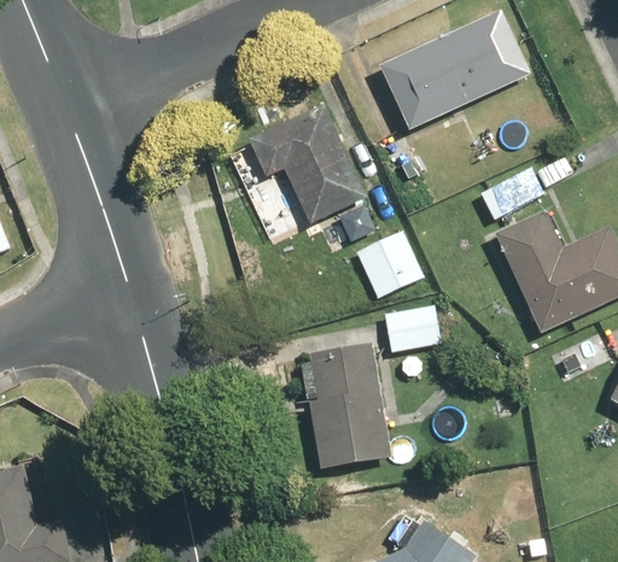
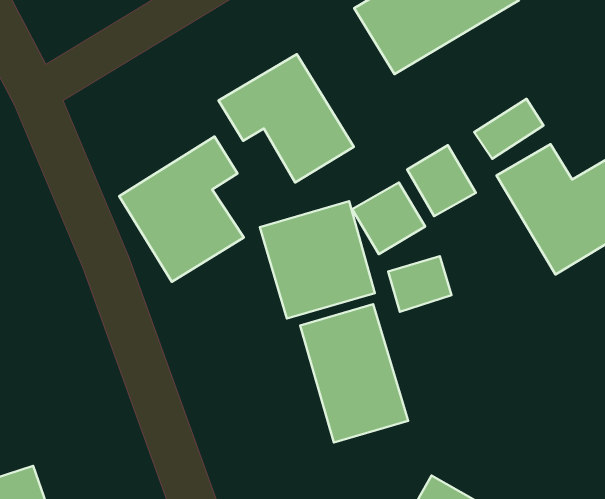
building: none -> [119,136,244,282]
building: none -> [407,145,476,216]
building: none -> [260,201,375,318]

